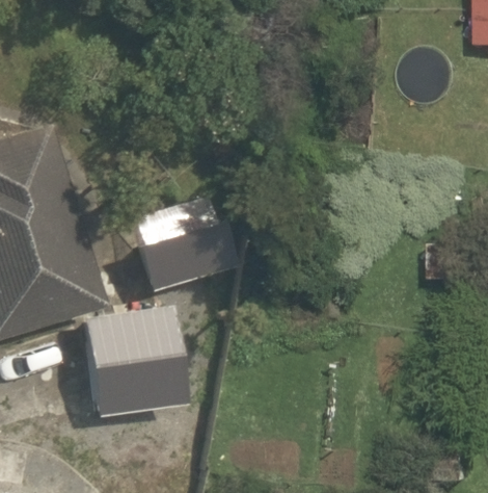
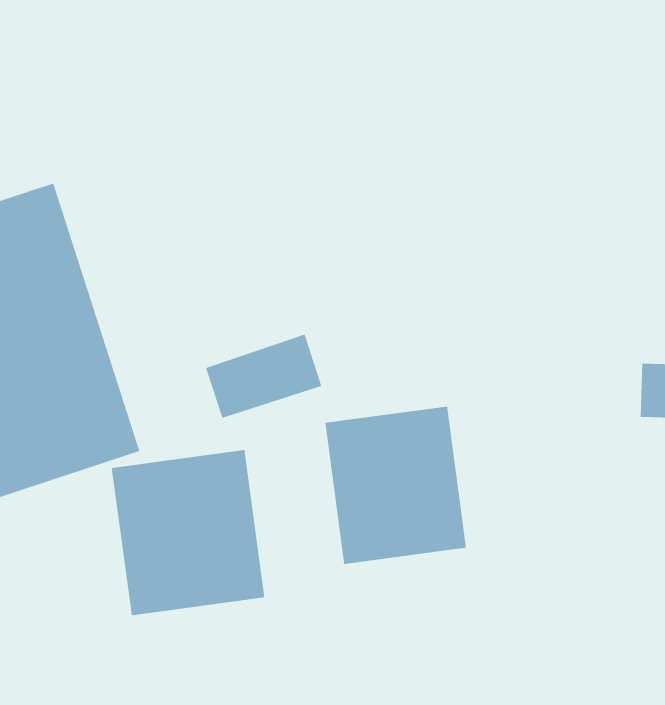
building: none -> [325,406,467,565]

